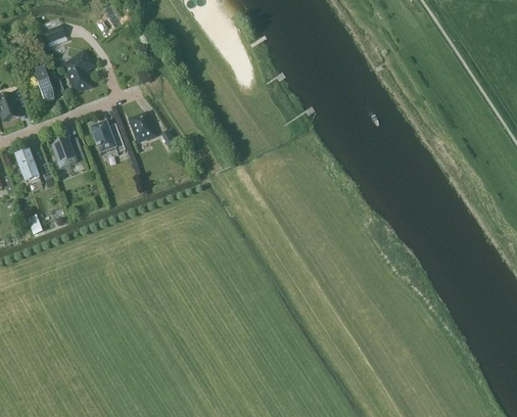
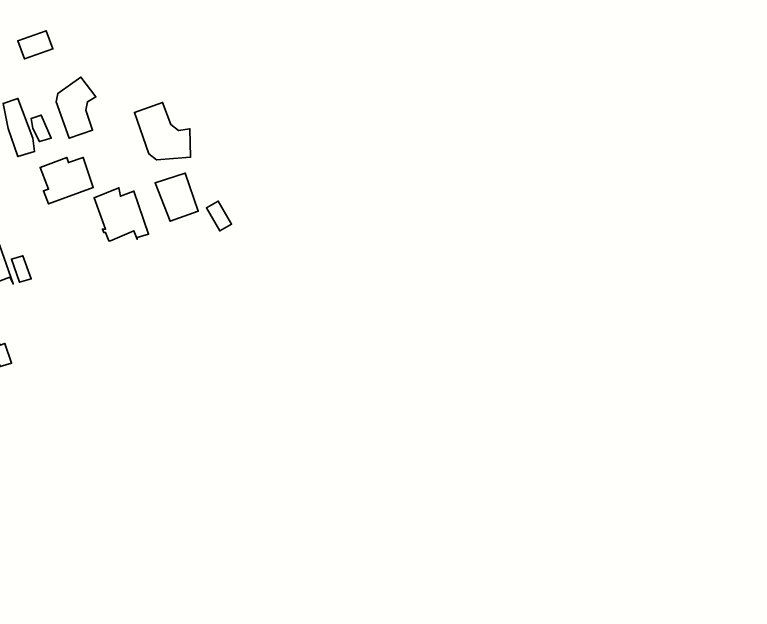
building: none -> [134,102,191,160]
building: [52,140,85,169] -> [40,158,93,204]

